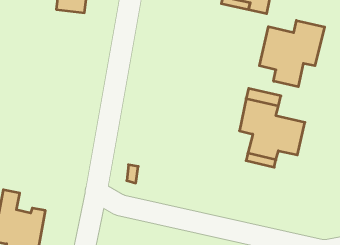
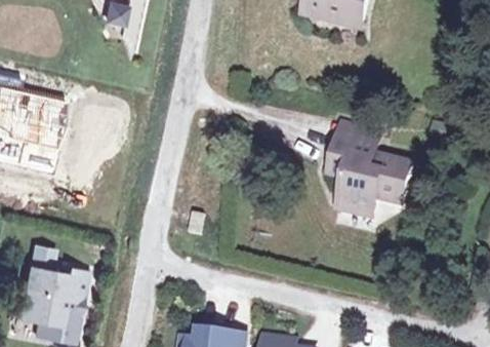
building: [259,20,325,87] -> none

